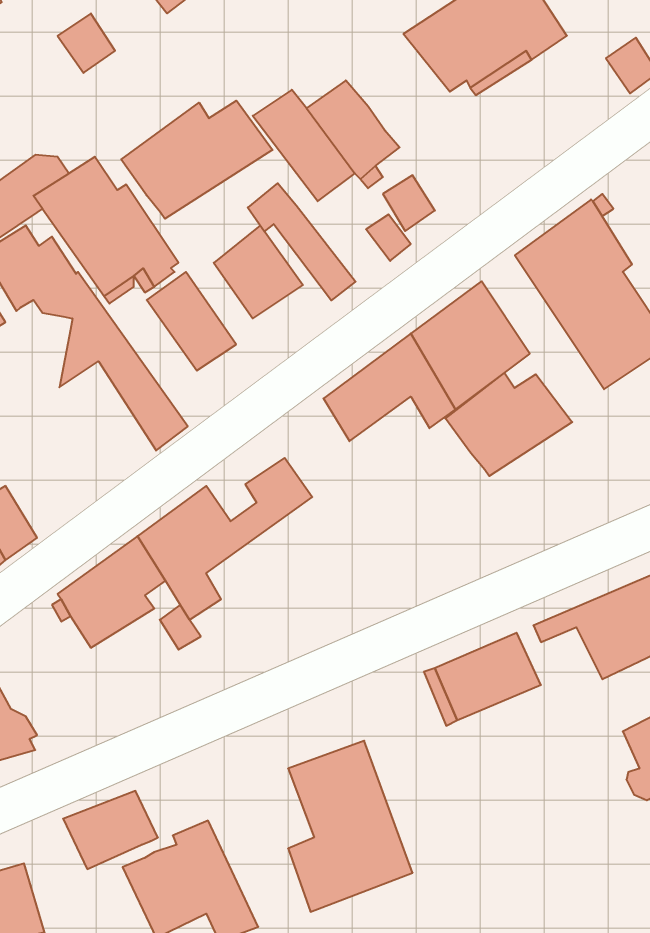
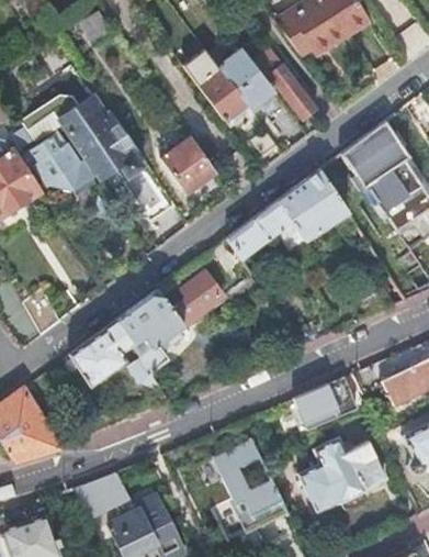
building: [121,101,273,219] -> none
building: [248,183,356,300] -> [255,51,318,120]
building: [445,373,572,476] -> none
building: none -> [298,438,385,513]

